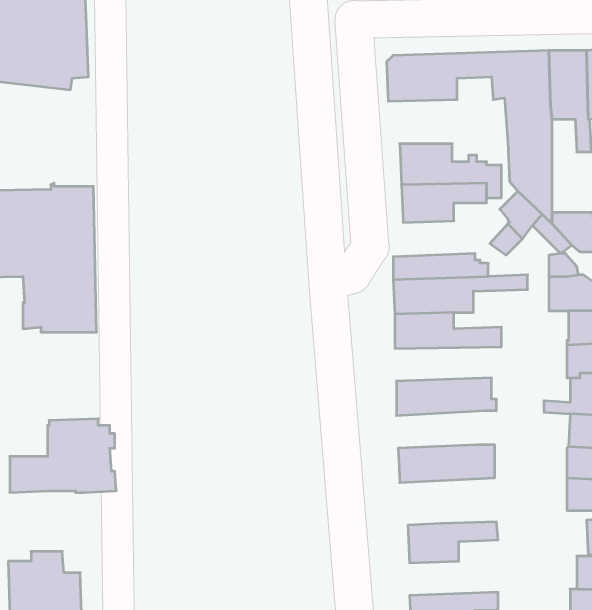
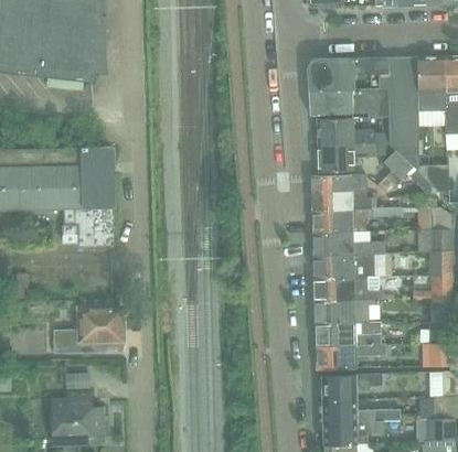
building: none -> [309,88,390,119]
building: none -> [311,175,368,195]
building: none -> [313,256,385,279]
building: none -> [315,299,375,324]
building: none -> [317,344,381,369]
building: none -> [323,400,401,423]

